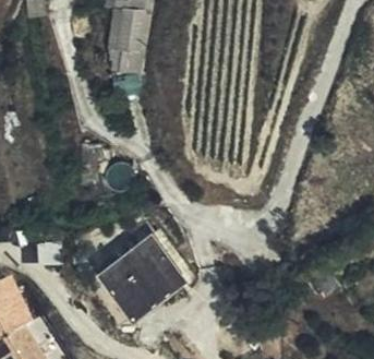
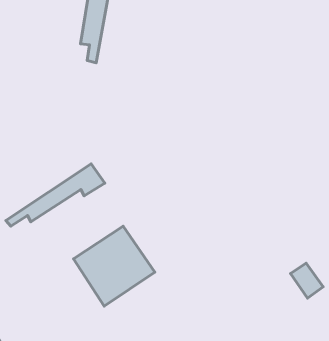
building: none -> [6,164,105,226]

